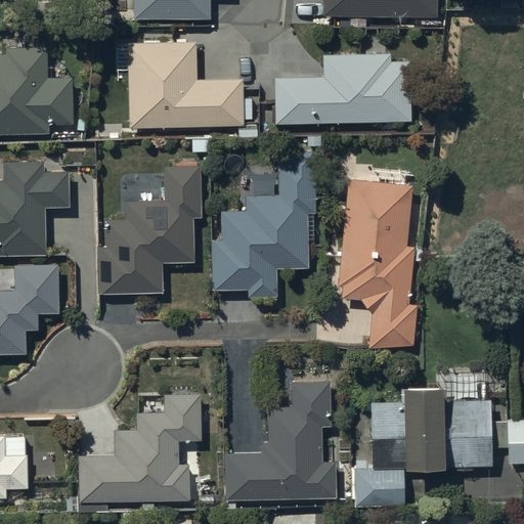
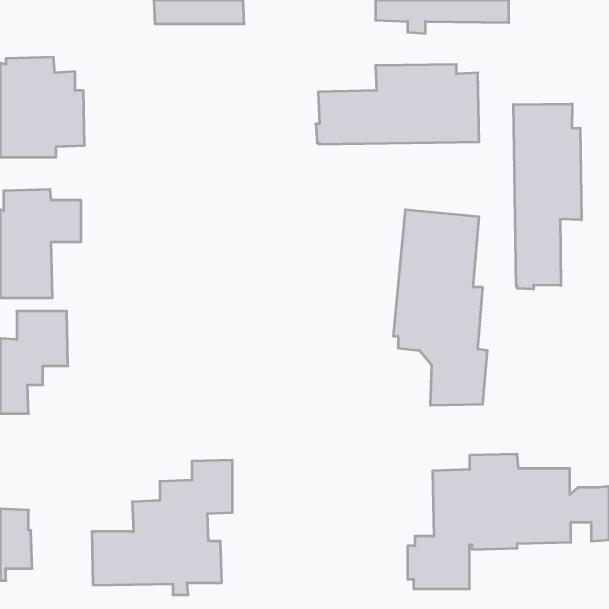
building: [116,43,257,137] -> none
building: none -> [513,104,581,289]
building: [212,154,315,297] -> none
building: [96,167,200,294] -> none
building: [224,383,337,499] -> none

